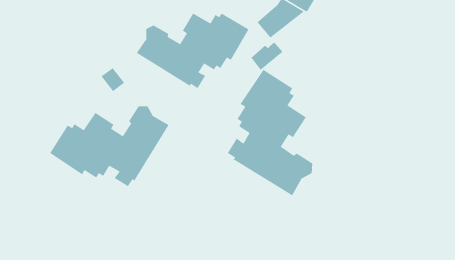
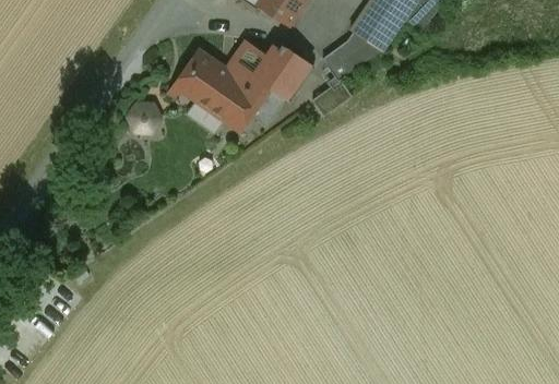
building: [227,69,313,199] -> none
building: [49,105,172,187] -> none

